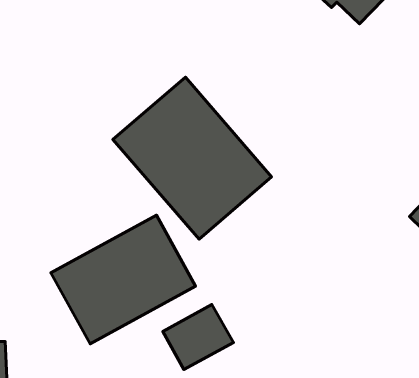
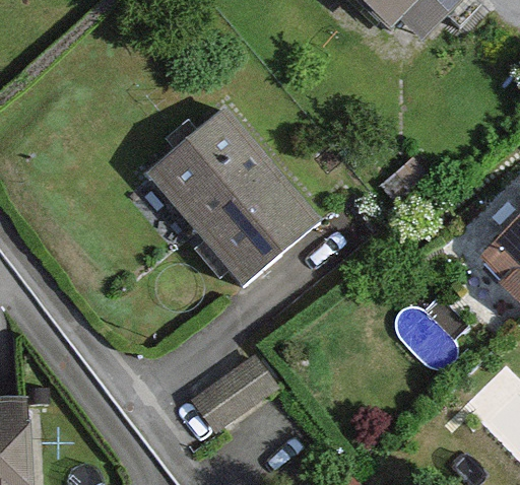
building: [51,215,196,344] -> none

